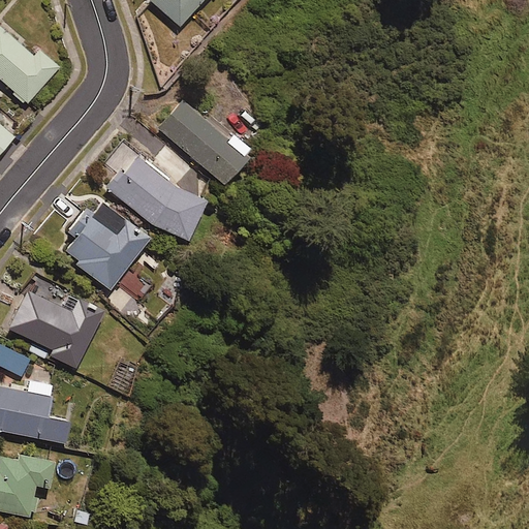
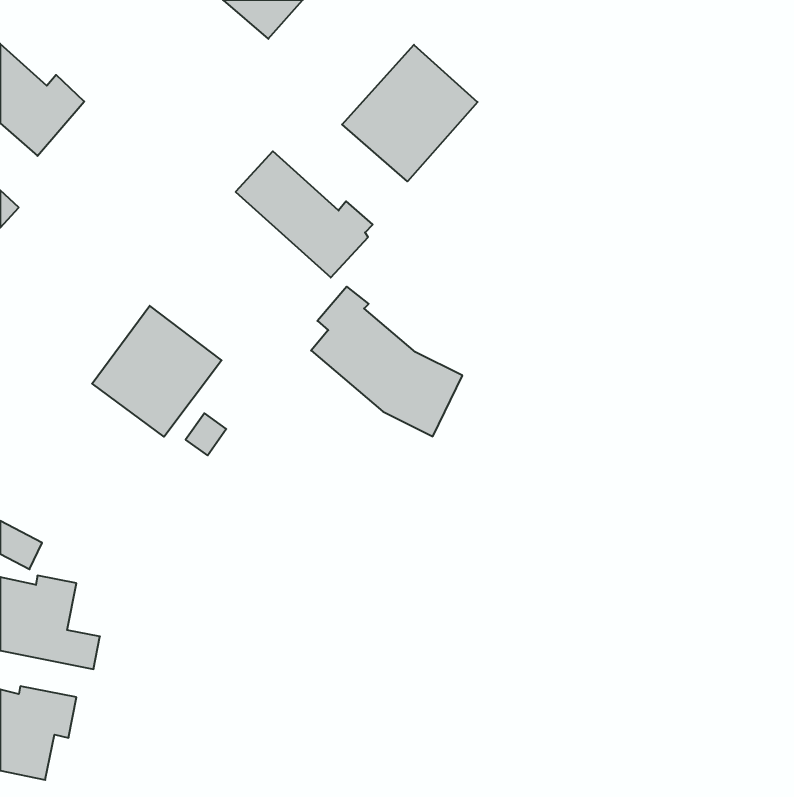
building: none -> [342,45,478,181]
building: [105,143,206,242] -> [311,287,462,436]
building: [6,290,101,369] -> none

